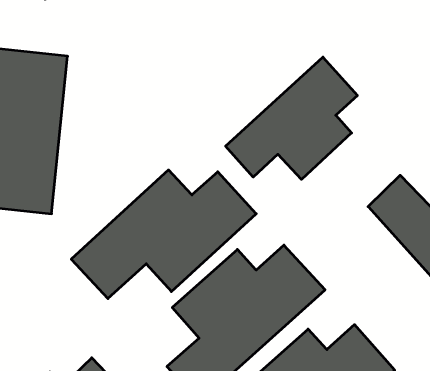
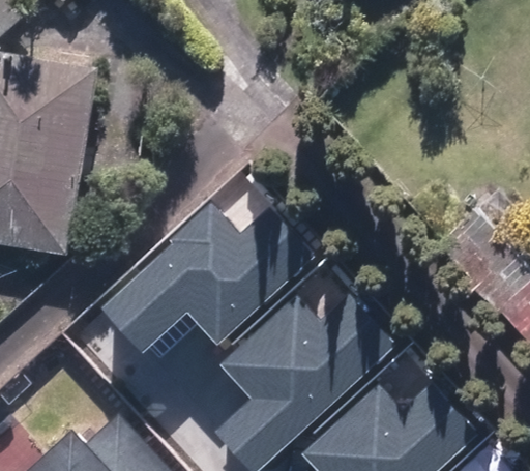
building: [226,57,357,179] -> none

